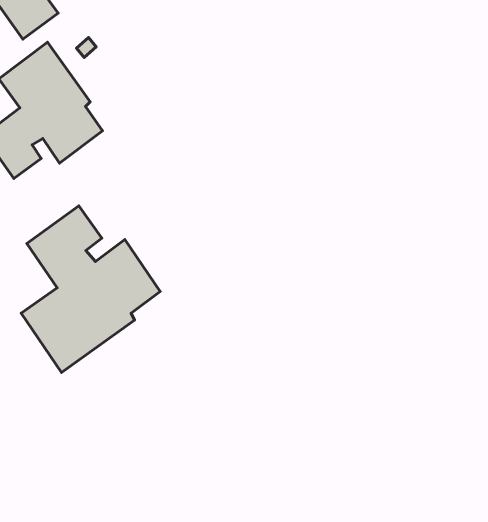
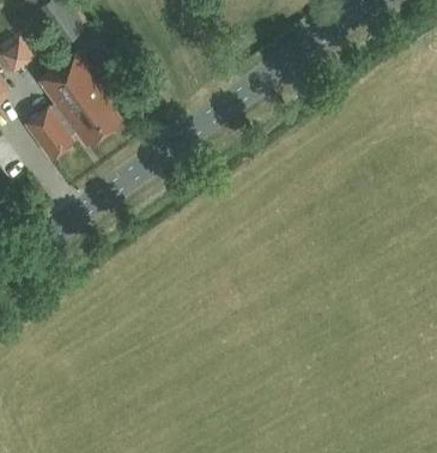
building: [21,206,160,373] -> none

